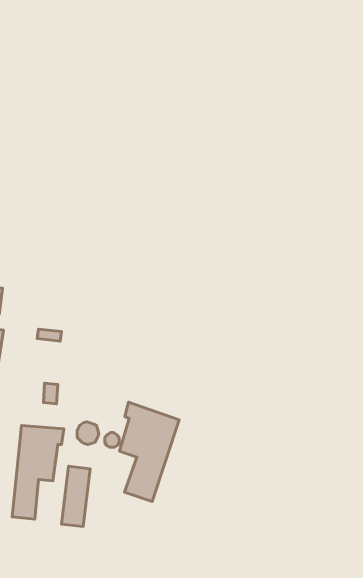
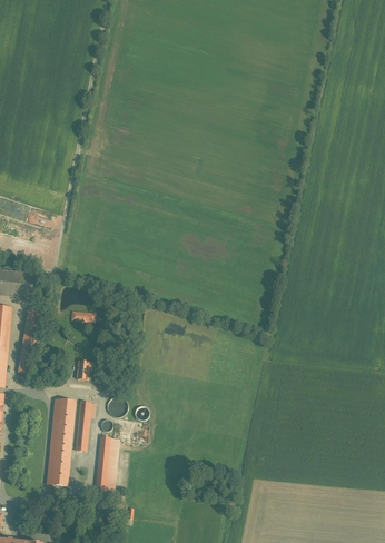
building: [120,402,179,501] -> none

